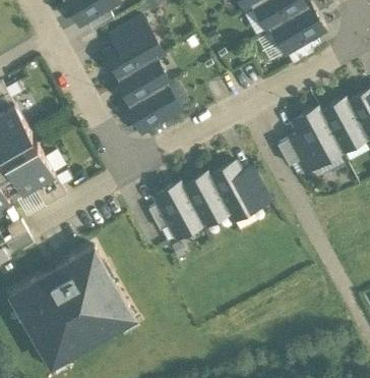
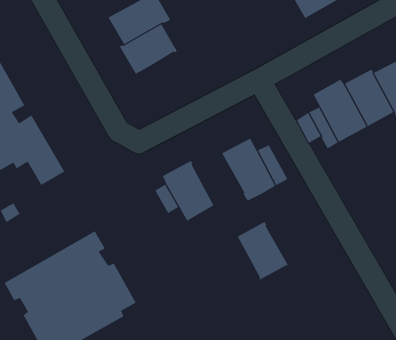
building: [126,84,180,131] -> none
building: [182,172,229,226] -> [237,221,288,280]

